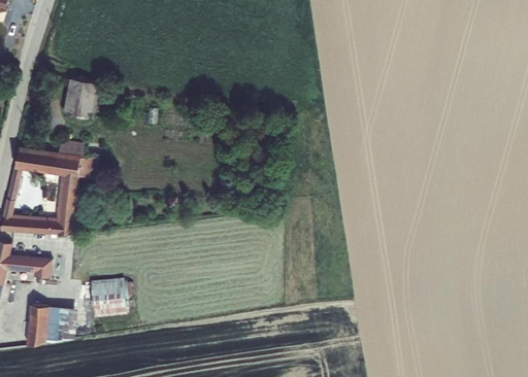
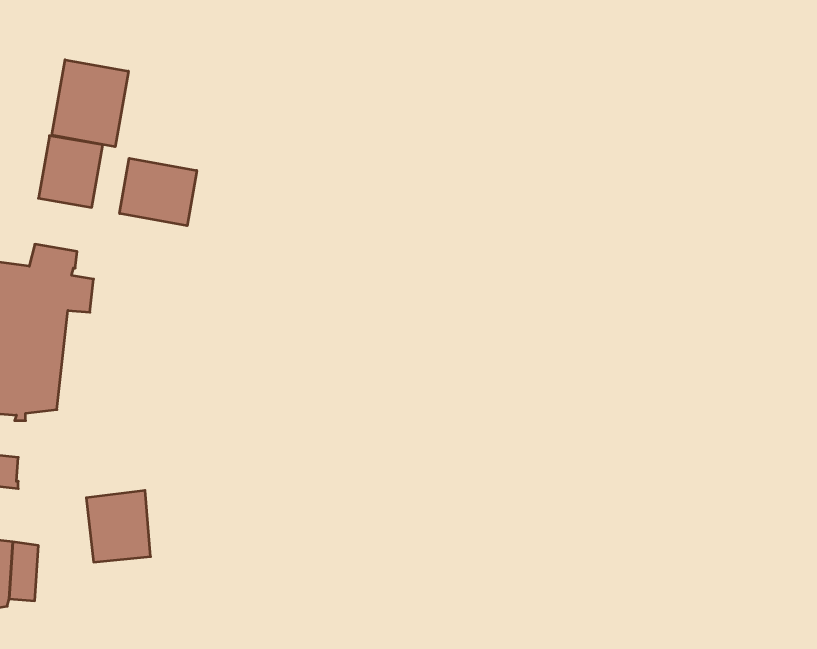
building: none -> [52,60,128,147]
building: none -> [120,158,197,226]

